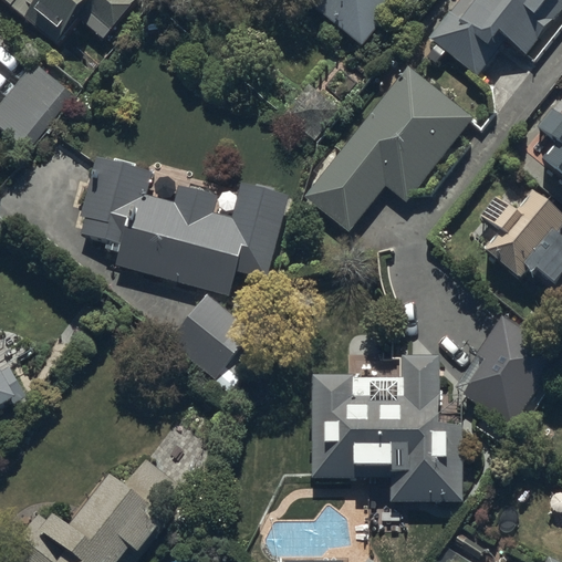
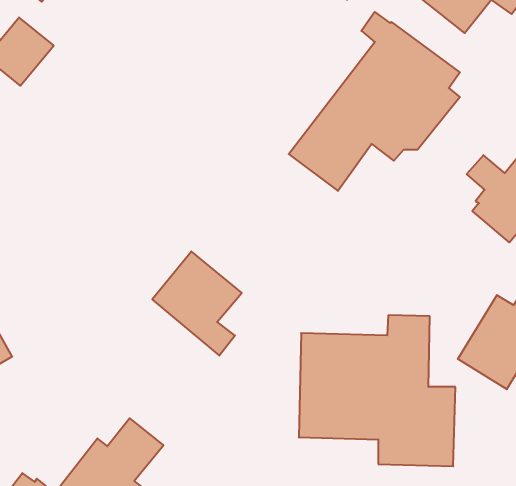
building: [74,155,287,294] -> none

